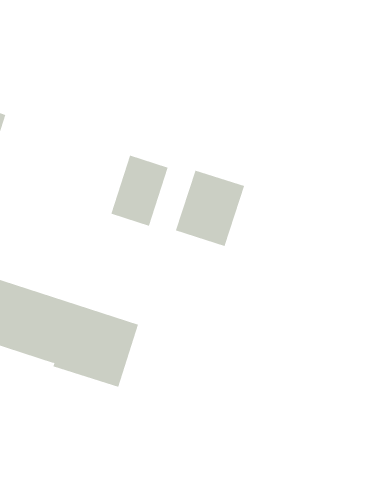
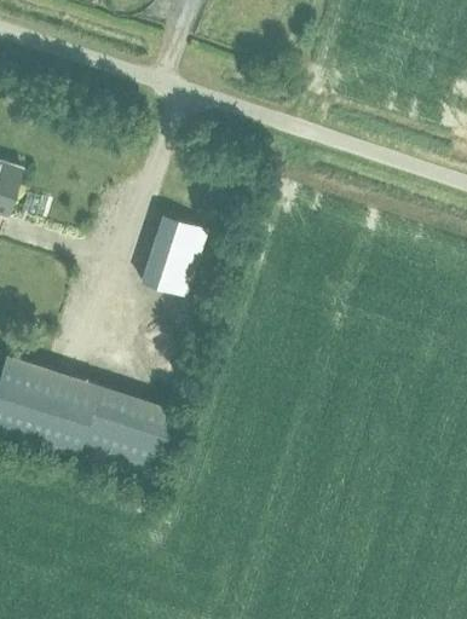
building: [175,170,245,247] -> none

